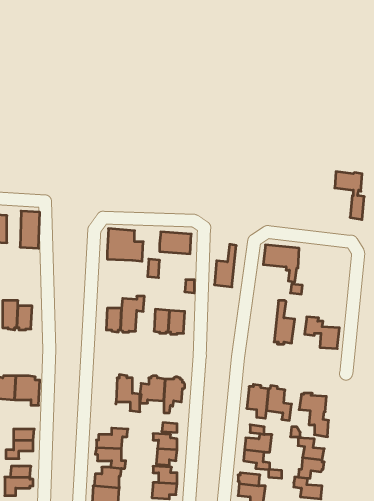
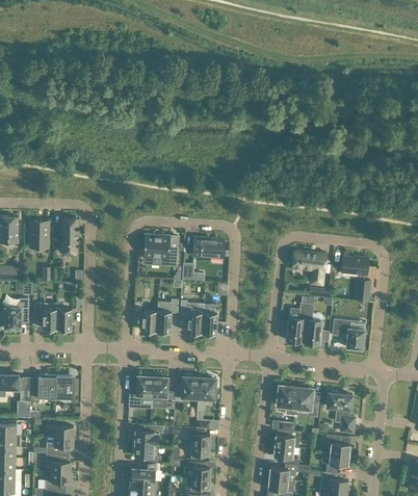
building: [335,172,364,220] -> [342,257,370,303]
building: [214,244,236,287] -> [286,303,307,343]
building: none -> [129,374,153,409]

